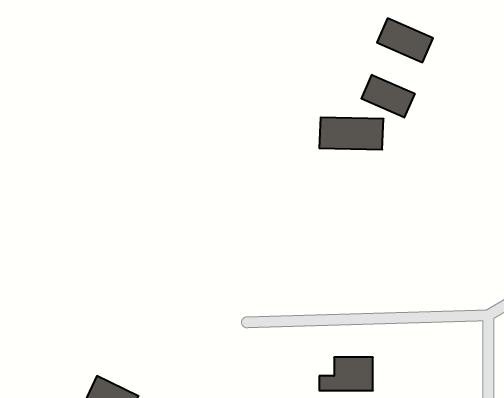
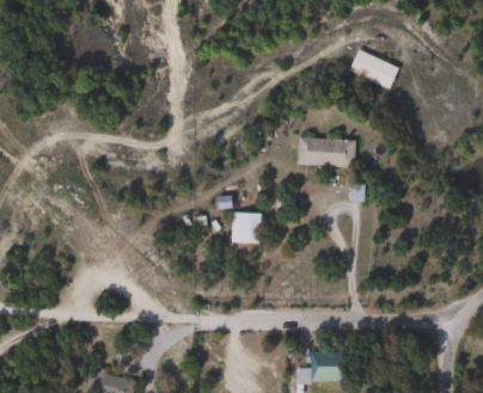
building: [361,75,415,118] -> none
building: none -> [232,213,262,242]

